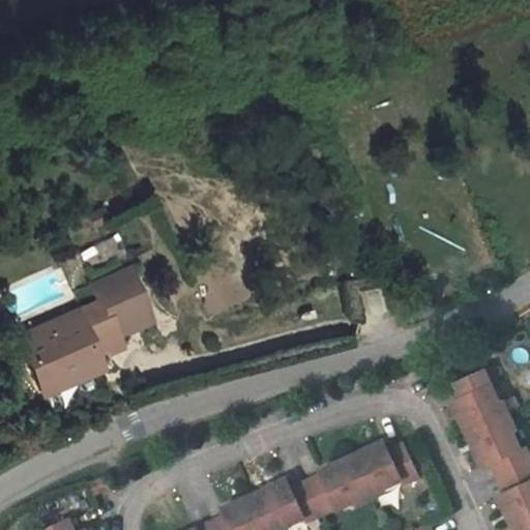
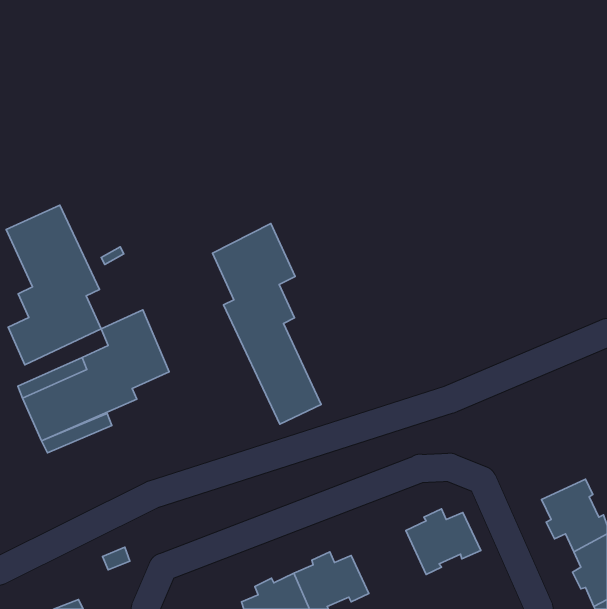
building: none -> [6,205,101,365]
building: none -> [212,224,321,424]
building: [452,369,509,434] -> none
building: [305,461,371,516] -> none

